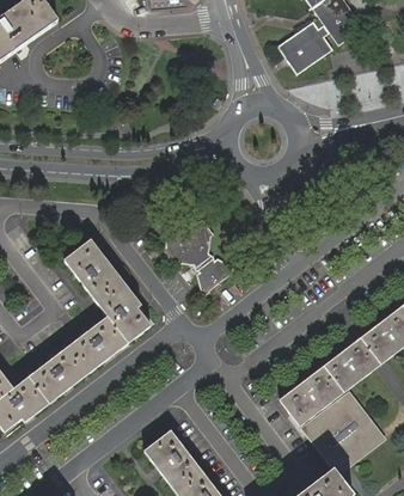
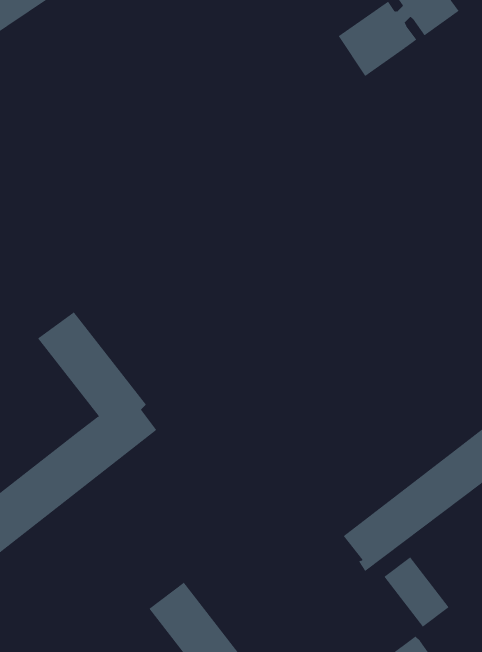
building: [166,218,212,263] -> none
building: [196,257,240,296] -> none
building: [330,400,375,449] -> none

